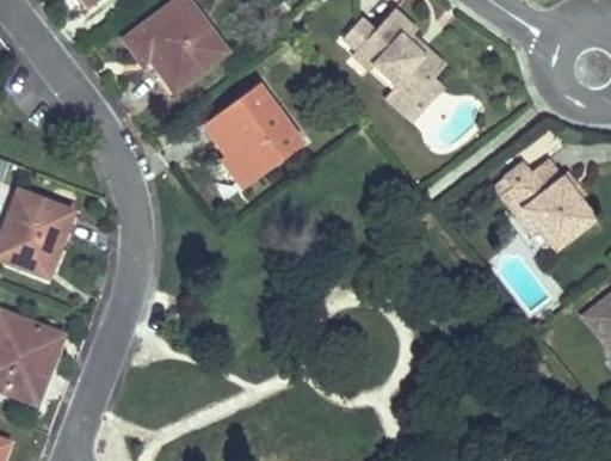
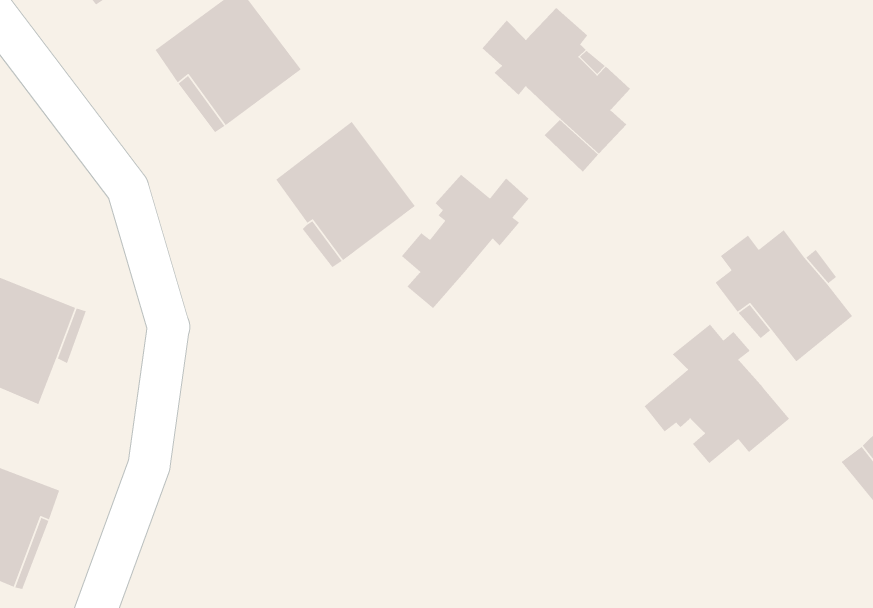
building: none -> [401,174,529,309]
building: none -> [643,324,790,464]

